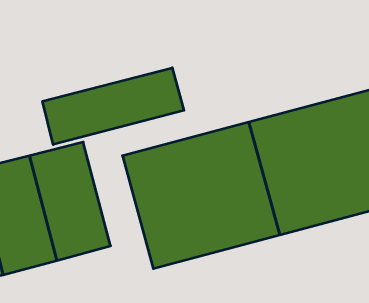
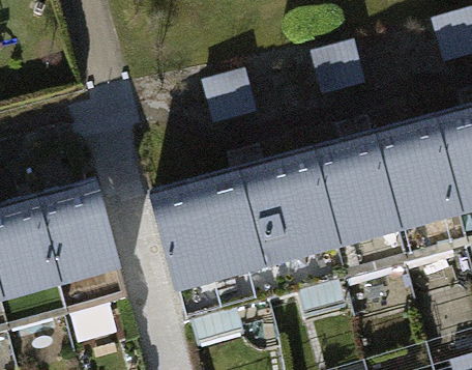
building: [43,68,184,145] -> none

